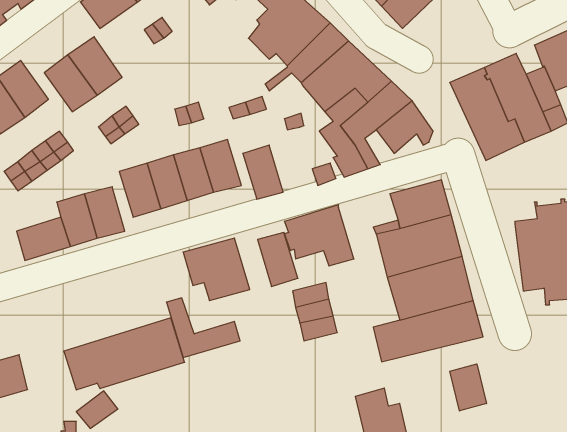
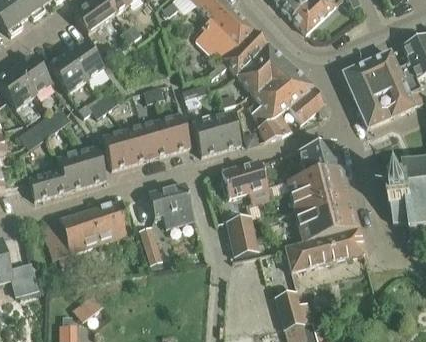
building: [258,232,298,287] -> [210,111,239,150]
building: [64,318,185,390] -> [43,202,130,254]
building: [450,364,486,411] -> none

